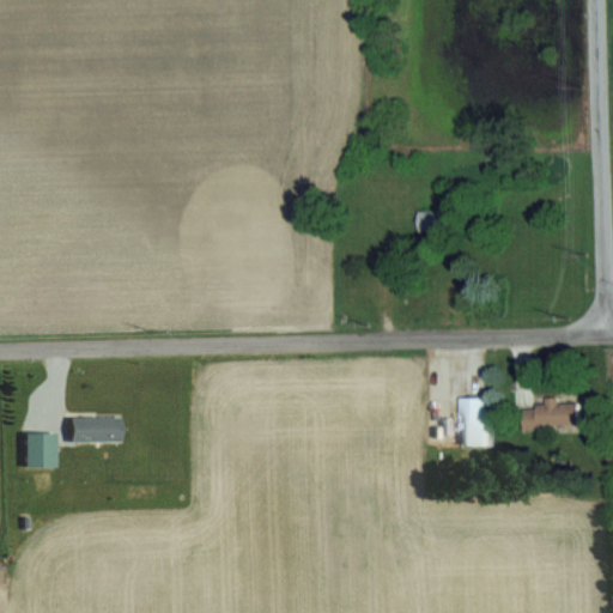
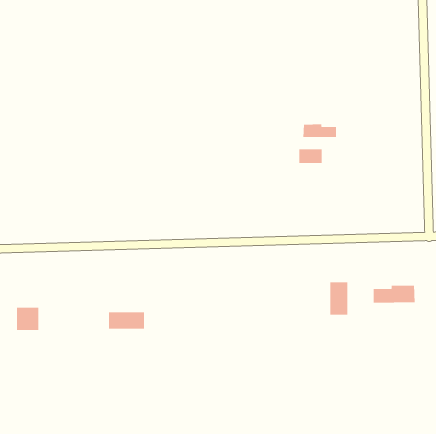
building: none -> [303,124,337,138]
building: [68,417,120,442] -> [108,311,145,329]

